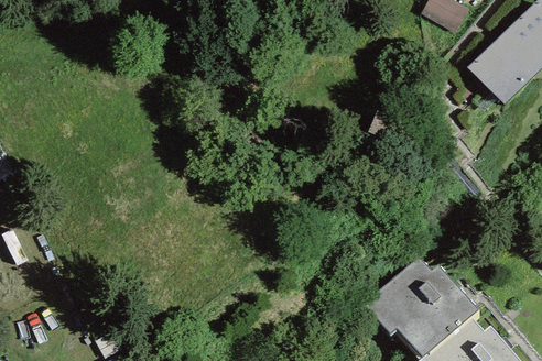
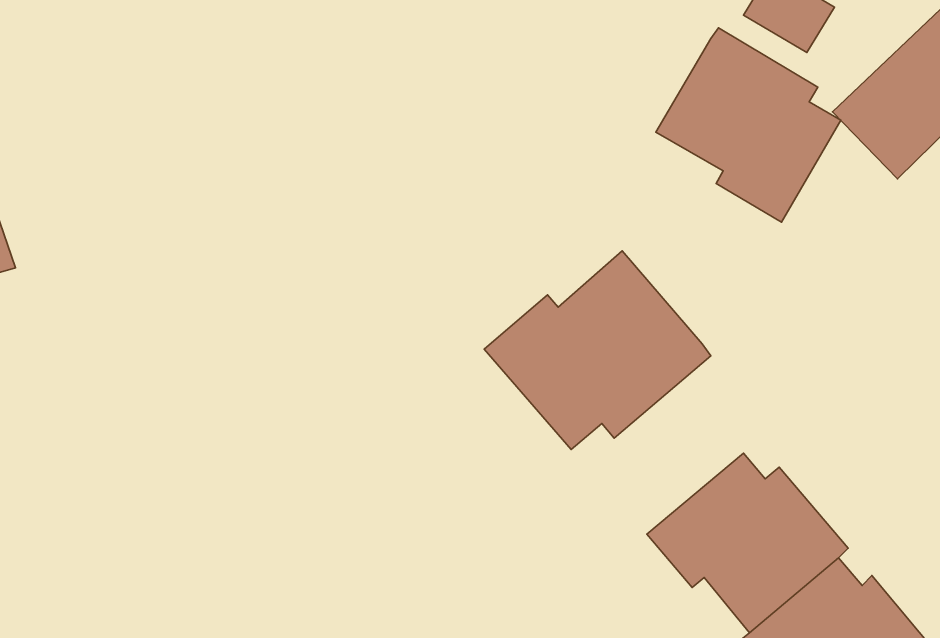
building: none -> [656,28,841,222]
building: none -> [484,251,711,450]

